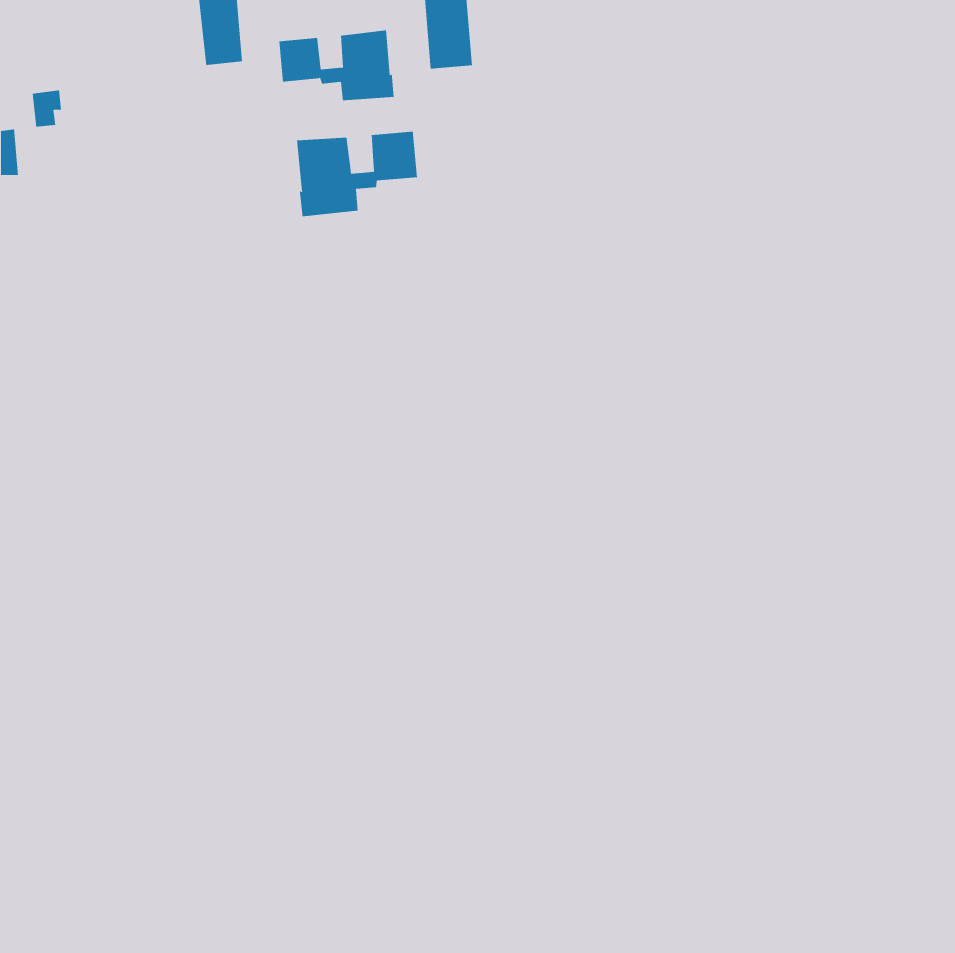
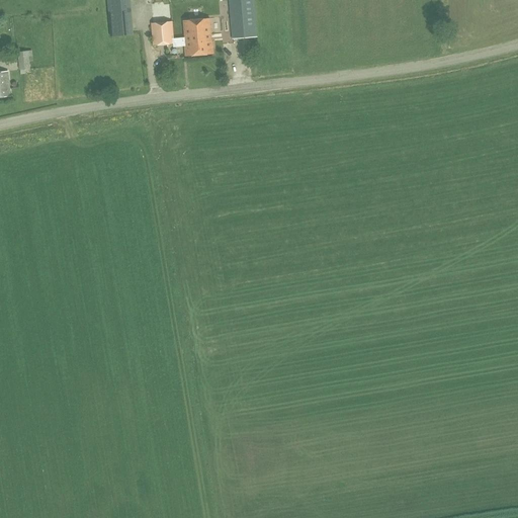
building: [297,131,417,217] -> none

